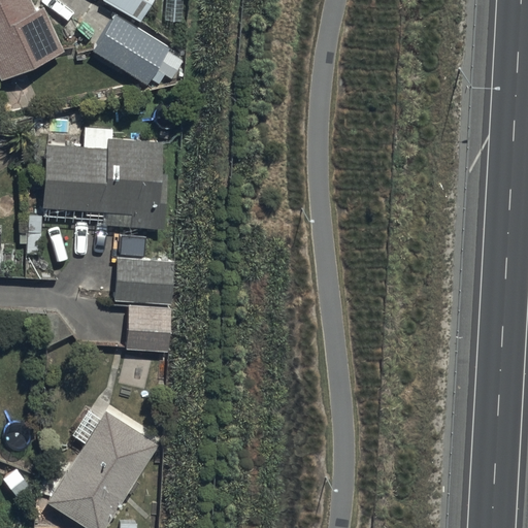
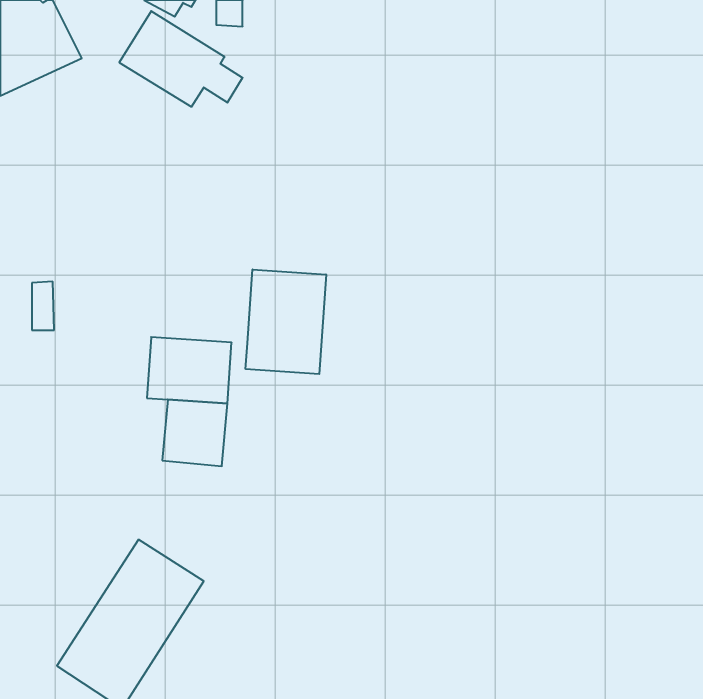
building: [42,121,169,232] -> none
building: none -> [246,269,326,374]

